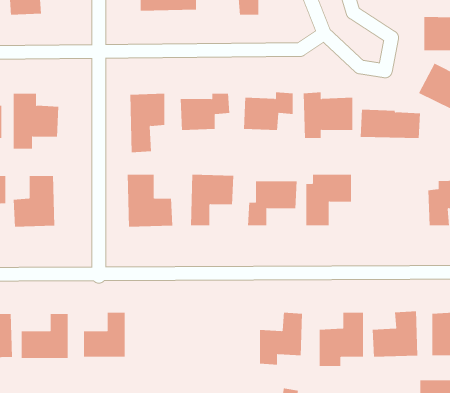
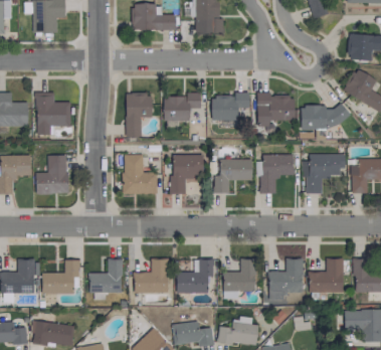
building: none -> [303,154,346,193]
building: none -> [134,258,169,293]
building: none -> [176,258,214,294]

